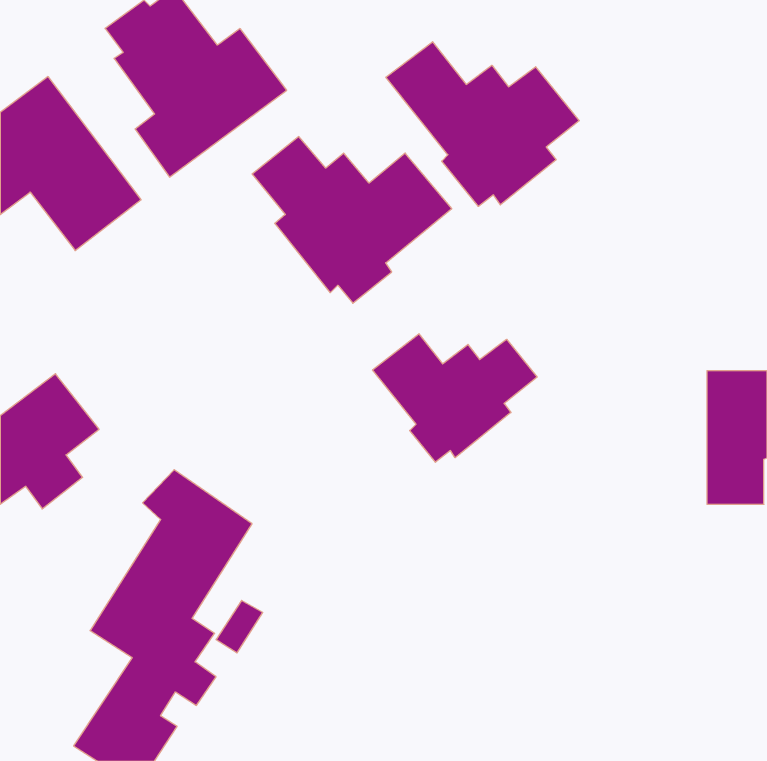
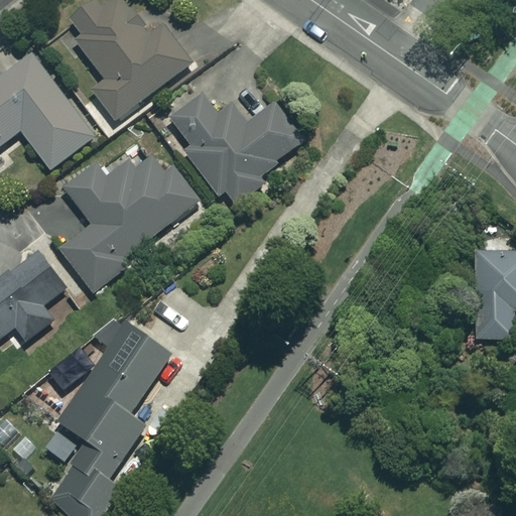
building: [386,42,579,206] -> none
building: none -> [60,156,201,292]
building: [373,334,537,462] -> none

